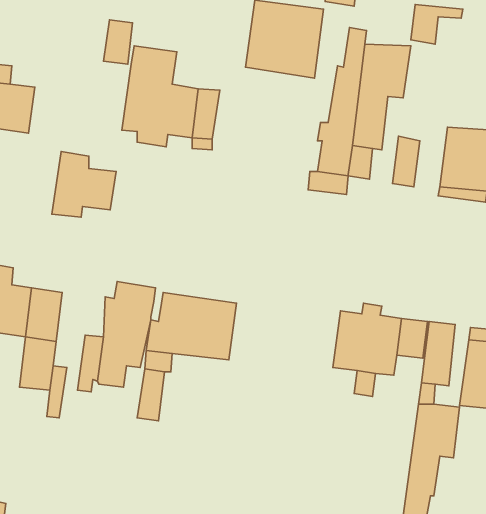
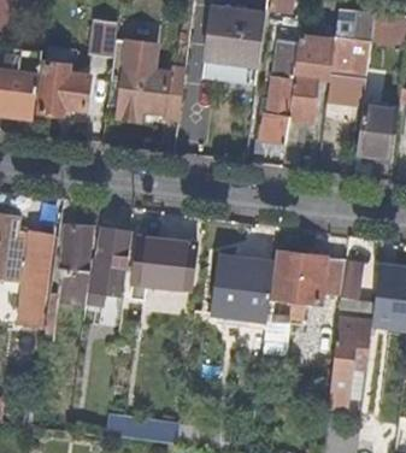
building: none -> [326,37,370,88]
building: [52,151,116,217] -> [36,63,87,114]
building: none -> [64,224,94,271]
building: none -> [213,255,272,319]

